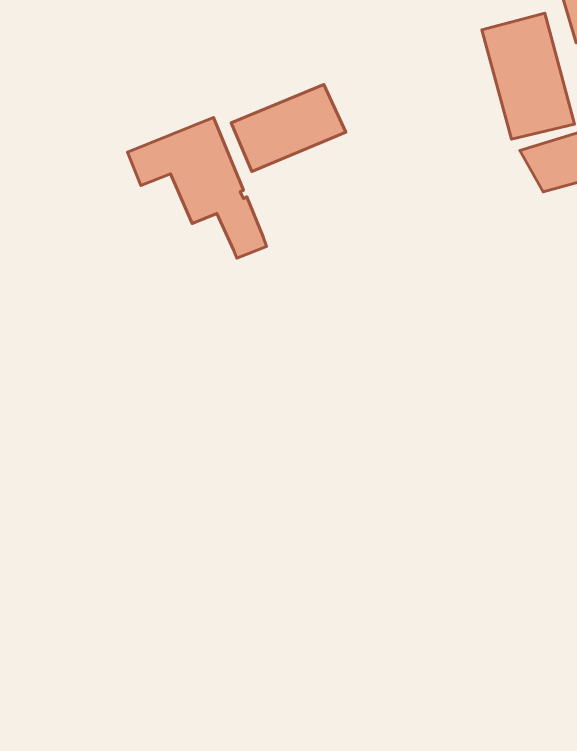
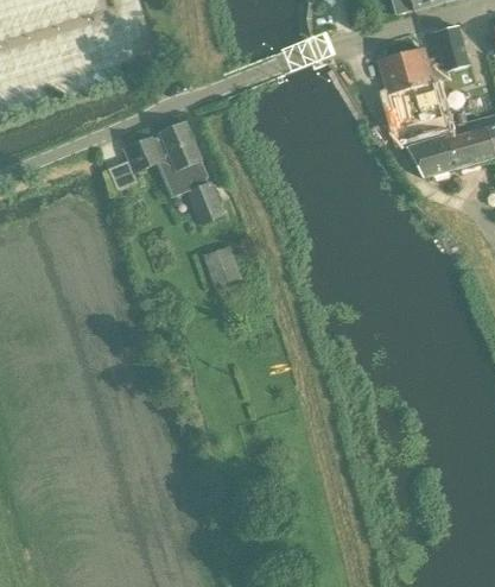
building: [231,85,346,171] -> none
building: none -> [203,244,241,285]

